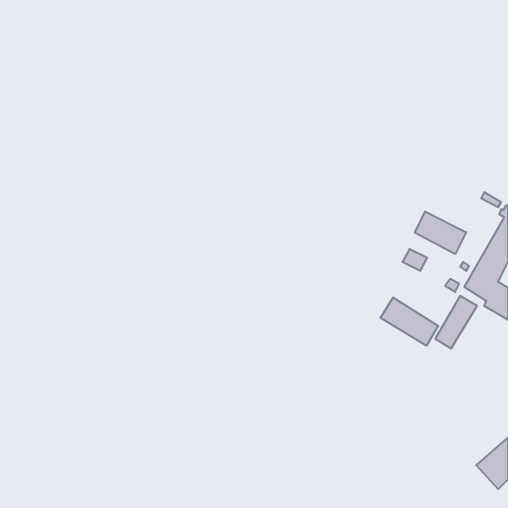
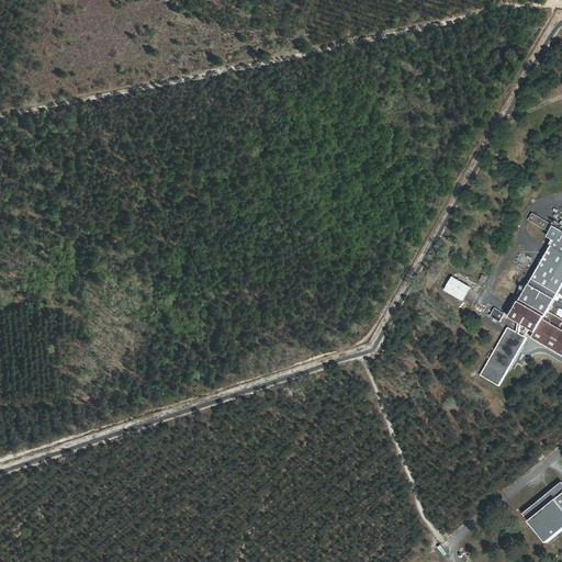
building: [415,211,466,254] -> none
building: [381,297,438,346] -> none

